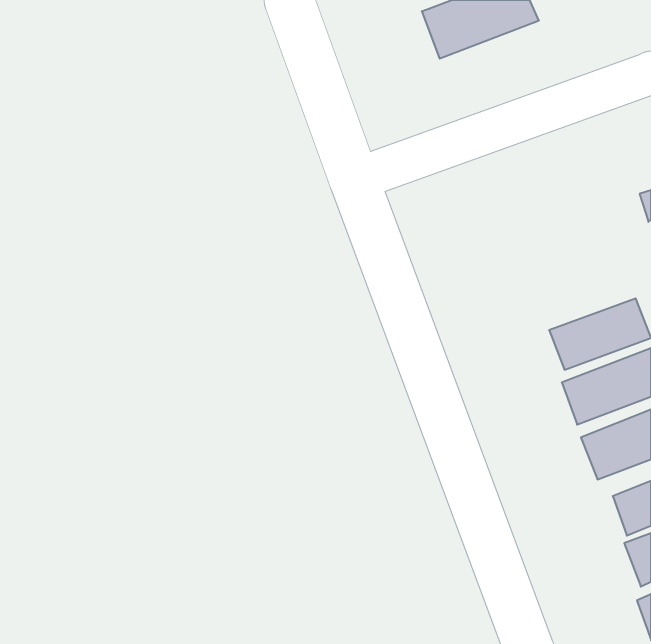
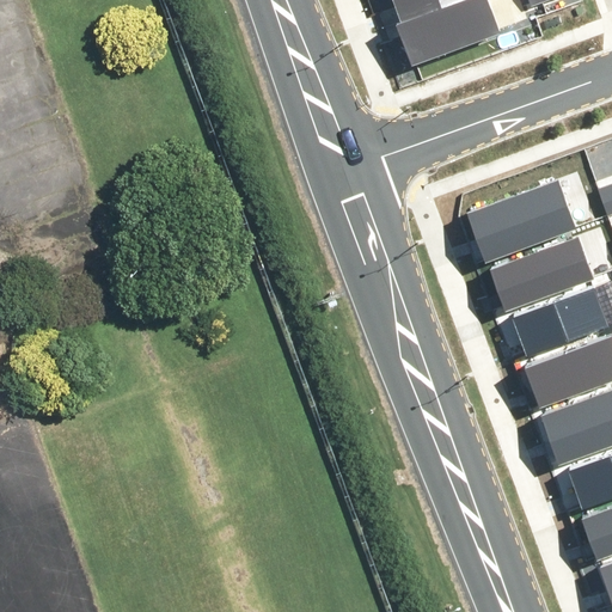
building: none -> [472,183,574,258]
building: none -> [491,238,593,310]

